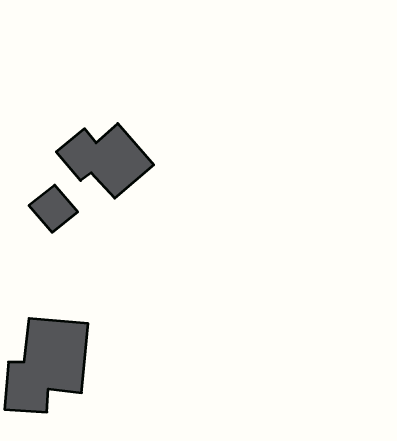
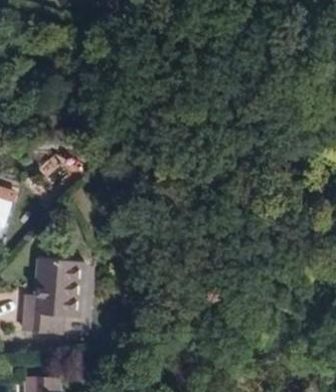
building: [56,123,154,198] -> none

